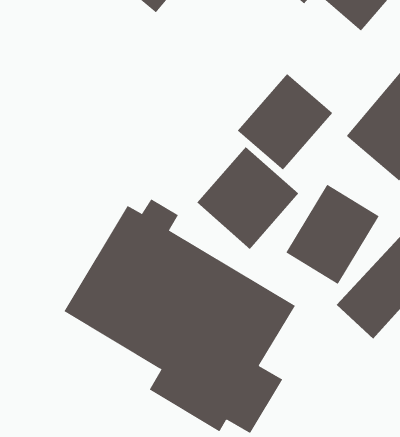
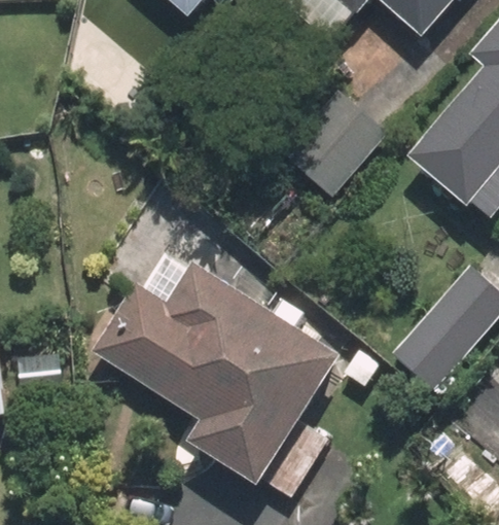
building: [196,146,299,250] -> none
building: [285,184,380,285] -> none

